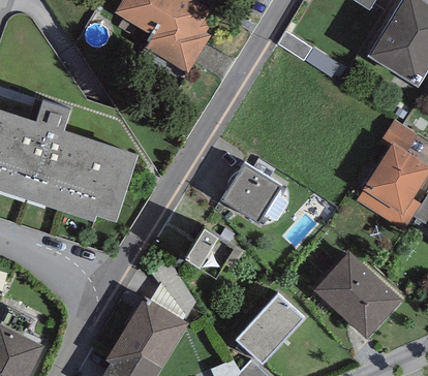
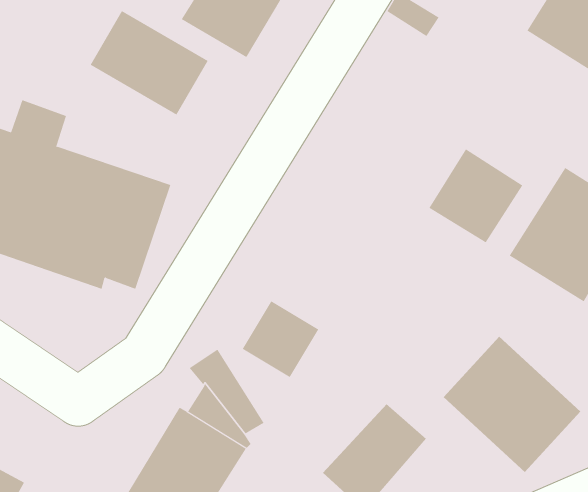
building: none -> [90,10,208,116]
building: [220,162,281,223] -> [428,148,523,243]

